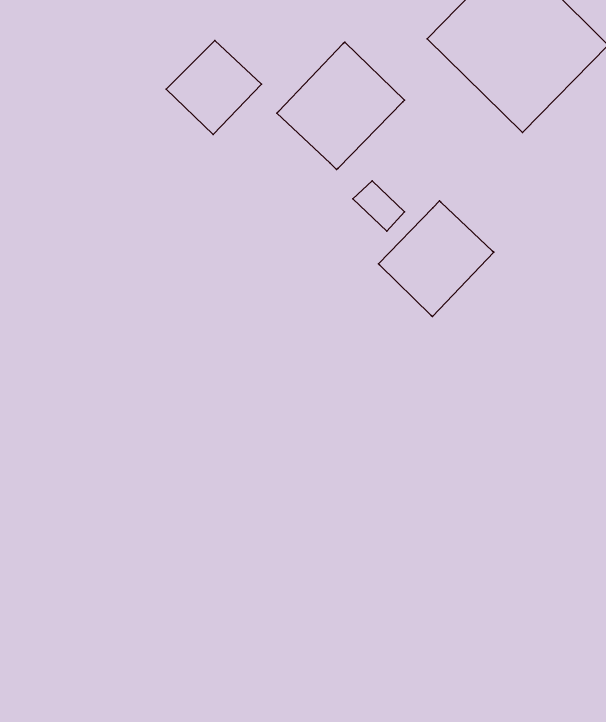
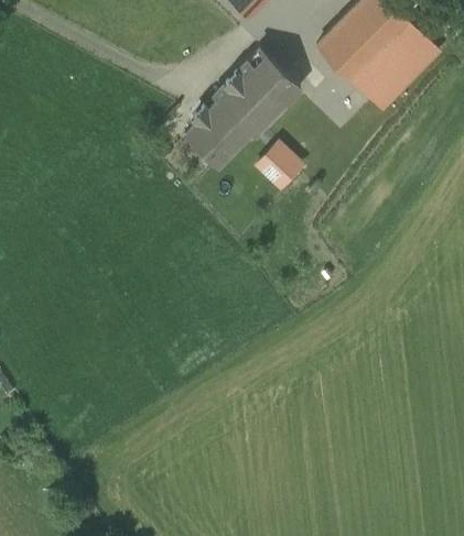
building: [166,41,262,134] -> [184,102,249,166]
building: [378,201,494,317] -> none

